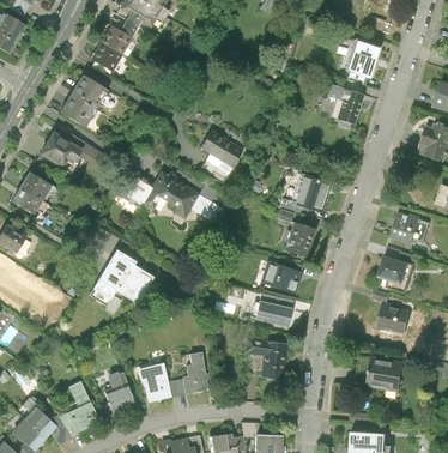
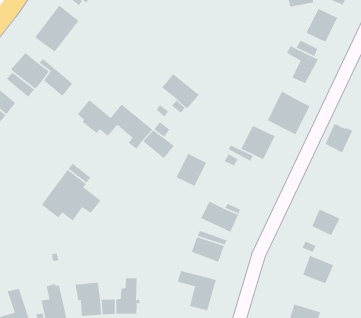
building: none -> [267,91,310,136]
building: [392,210,420,241] -> [324,123,354,154]
building: [284,222,315,256] -> [176,153,207,187]

